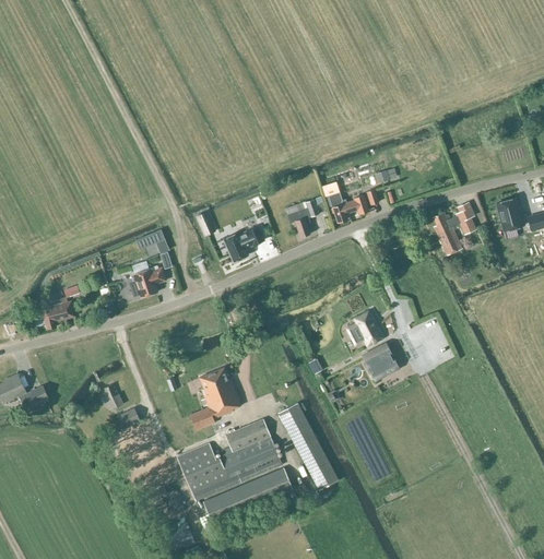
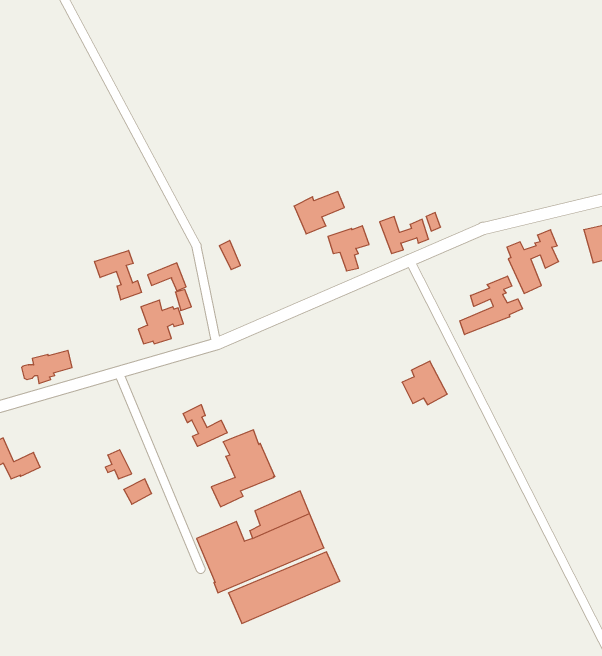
building: none -> [95,250,141,300]
building: [223,227,264,262] -> [294,192,344,234]
building: none -> [460,276,522,335]
building: none -> [183,405,227,446]
building: [364,346,397,374] -> none
building: [279,402,339,490] -> none

